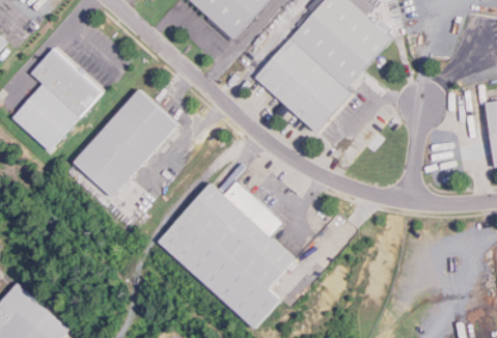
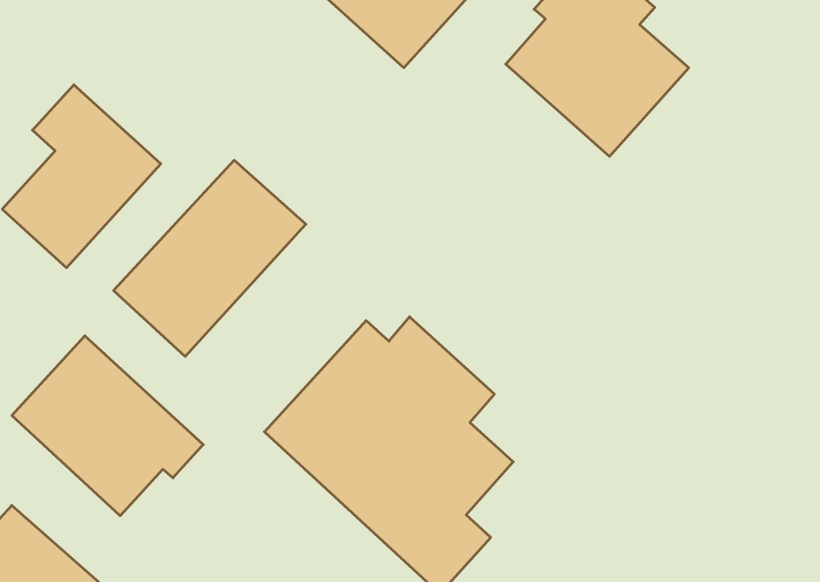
building: [253,38,351,132] -> none
building: none -> [12,336,203,516]

